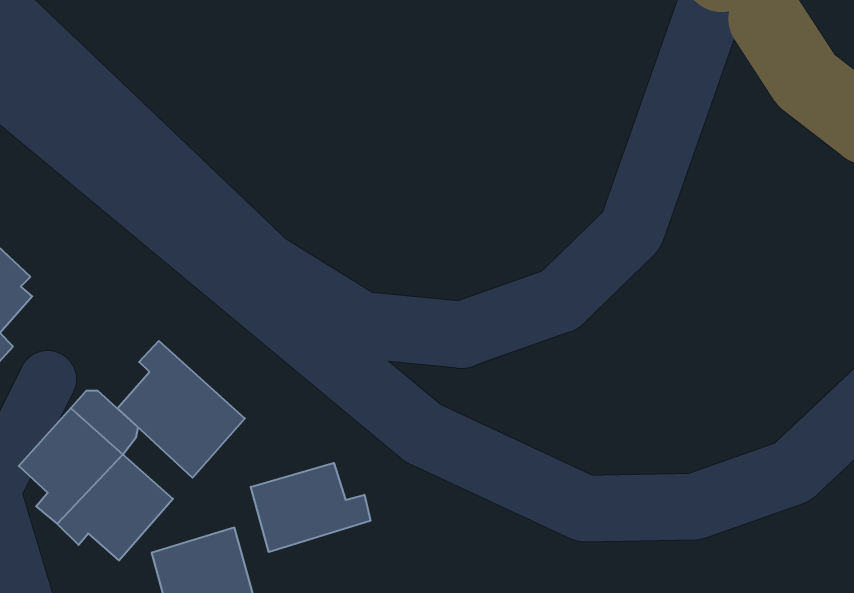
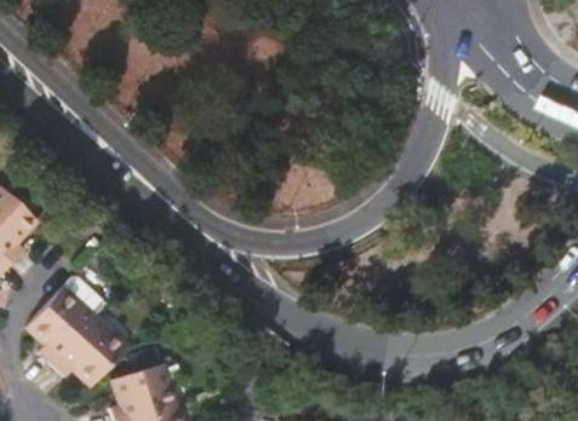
building: [118,341,245,478] -> none
building: [251,463,370,552] -> none

